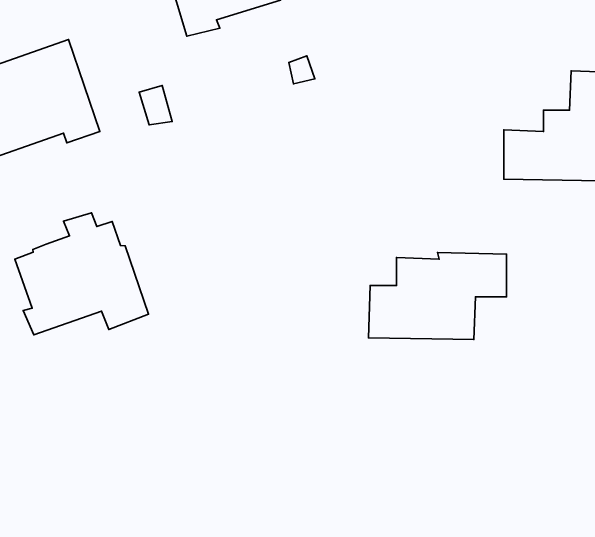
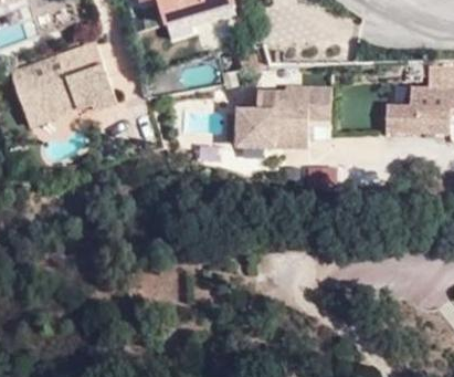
building: [15,213,148,335] -> none
building: [369,253,507,340] -> [237,87,330,146]

